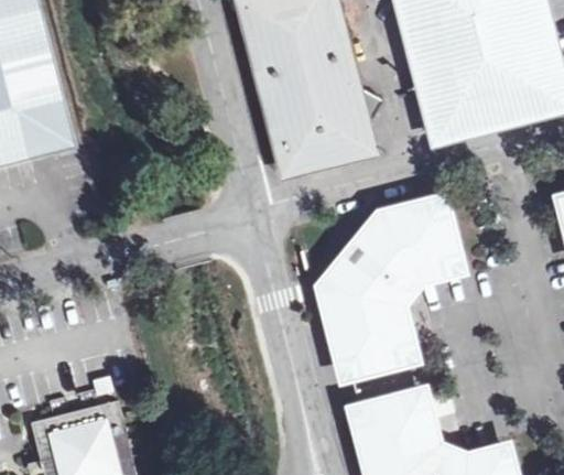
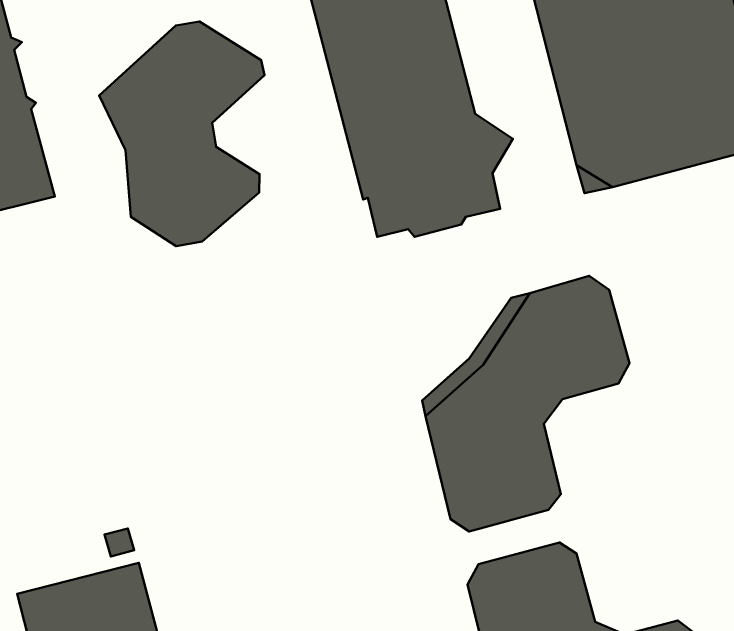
building: none -> [99,21,264,246]

